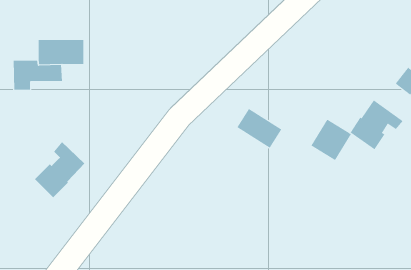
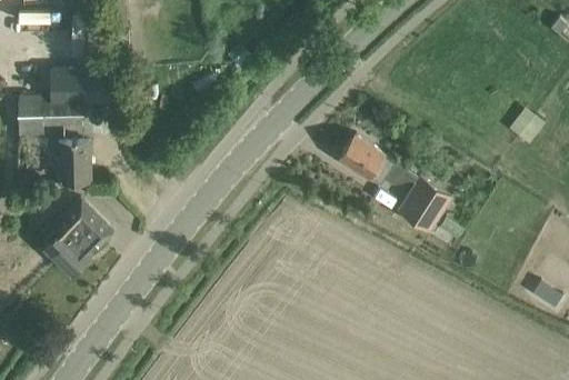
building: none -> [58,141,89,184]
building: [350,100,403,150] -> none
building: [236,108,282,149] -> [337,134,396,187]

